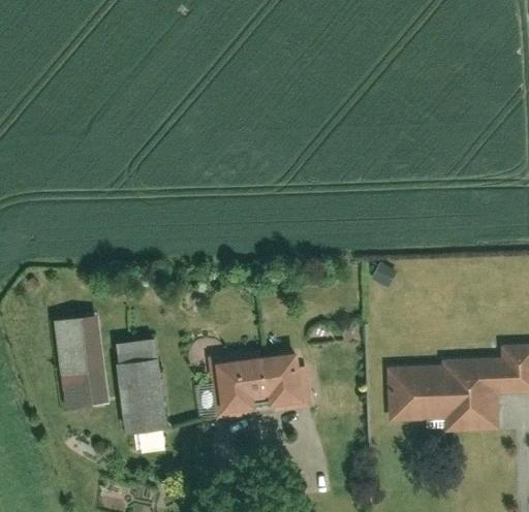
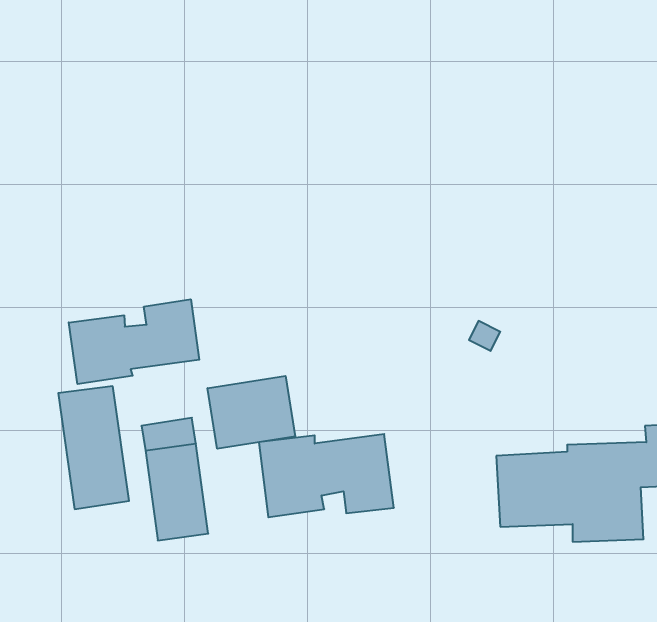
building: none -> [69,299,199,384]
building: none -> [208,376,295,449]

